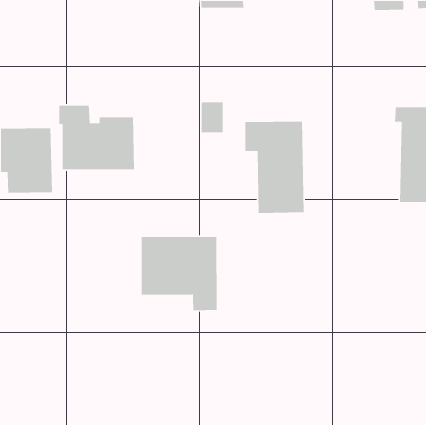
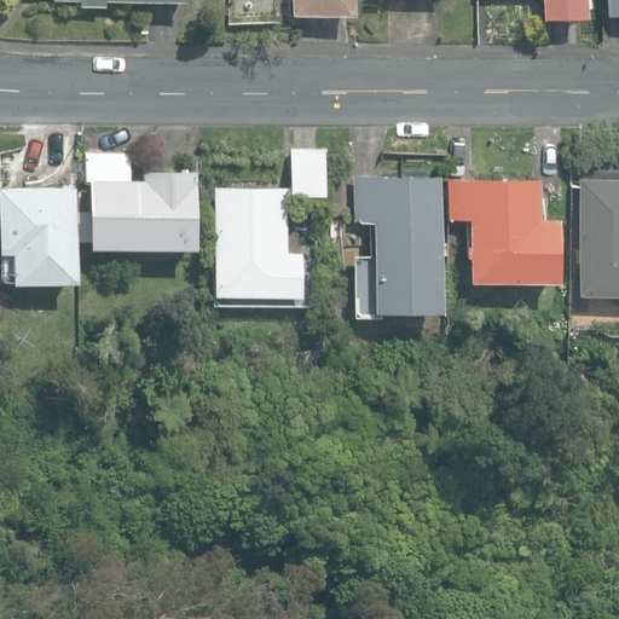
building: none -> [449,181,559,282]
building: none -> [215,191,300,297]
building: [141,236,217,311] -> none

